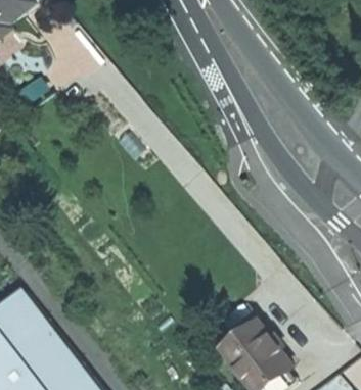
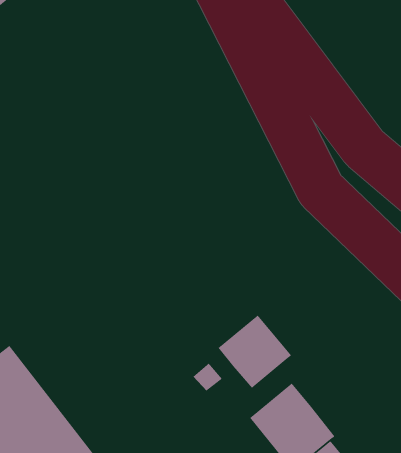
building: none -> [217,315,292,389]

